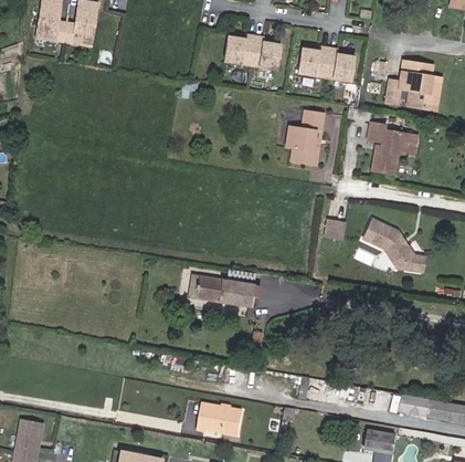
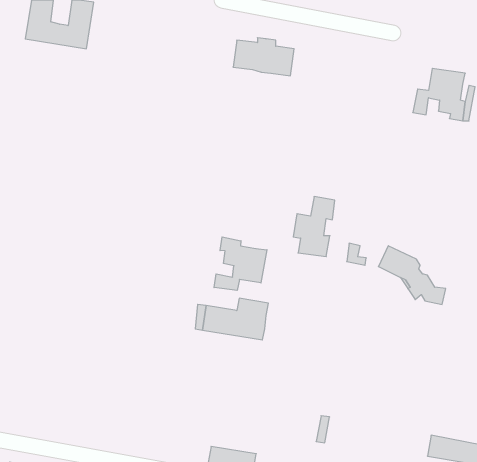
building: [298,46,355,81] -> none
building: [286,111,324,165] -> [293,197,335,257]
building: [367,122,412,174] -> none
building: none -> [214,237,267,290]

